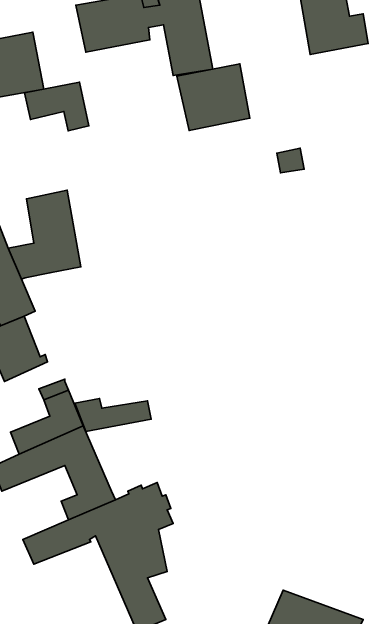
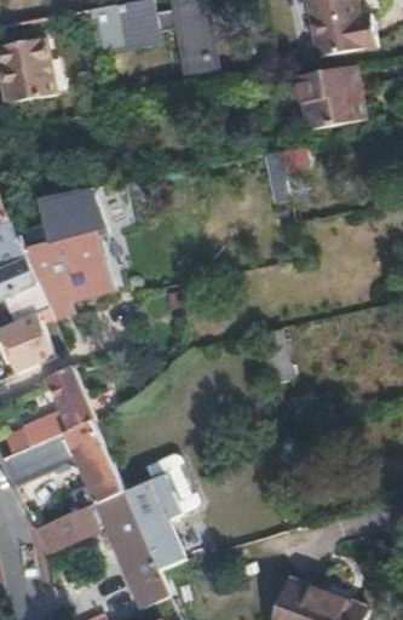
building: [177,64,250,131] -> [293,64,364,130]
building: [25,82,89,131] -> none
building: [75,398,151,432] -> [36,270,111,303]

